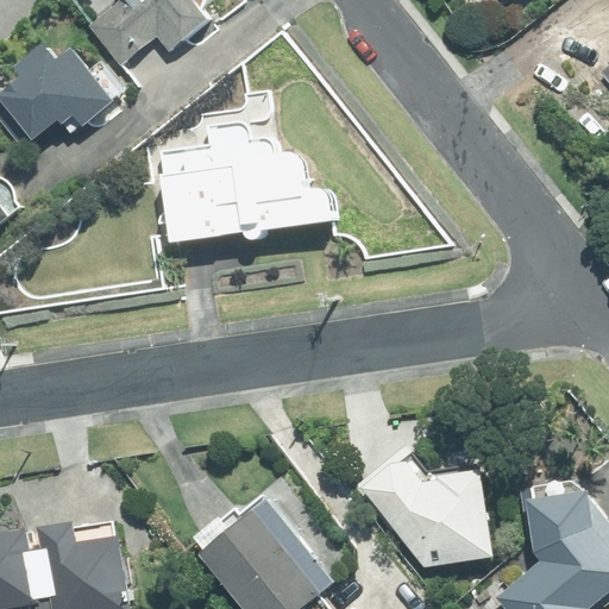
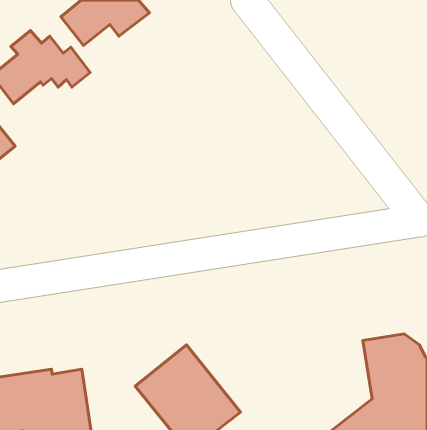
building: [158,124,334,243] -> none
building: [353,440,492,567] -> none

